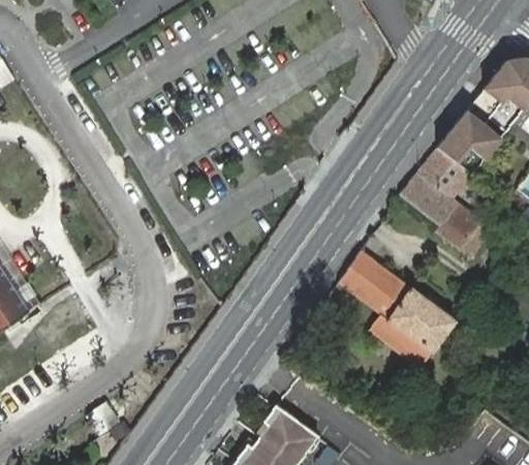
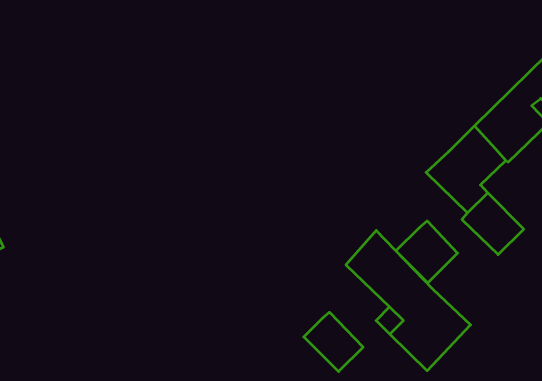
building: none -> [396,221,458,283]
building: none -> [304,312,363,372]

